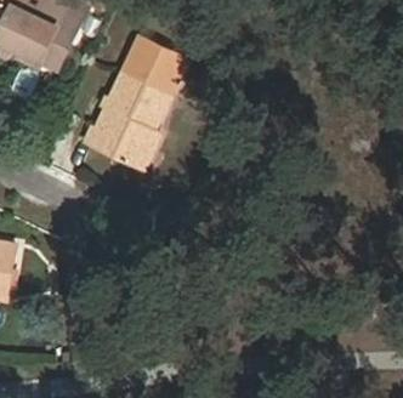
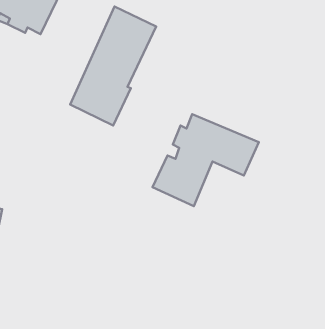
building: none -> [153,114,259,206]

